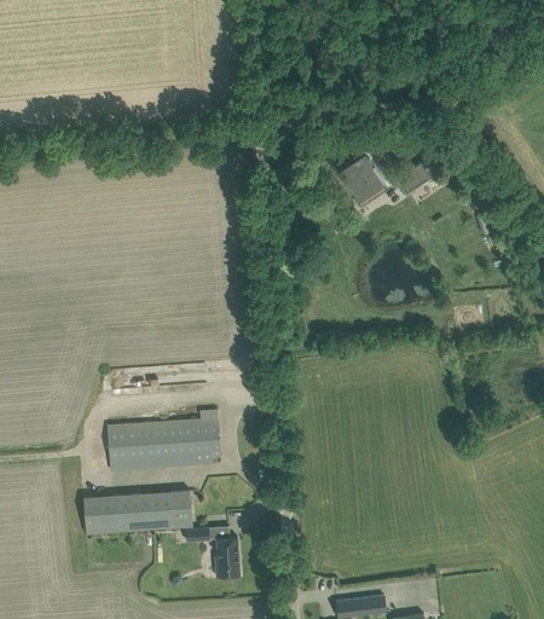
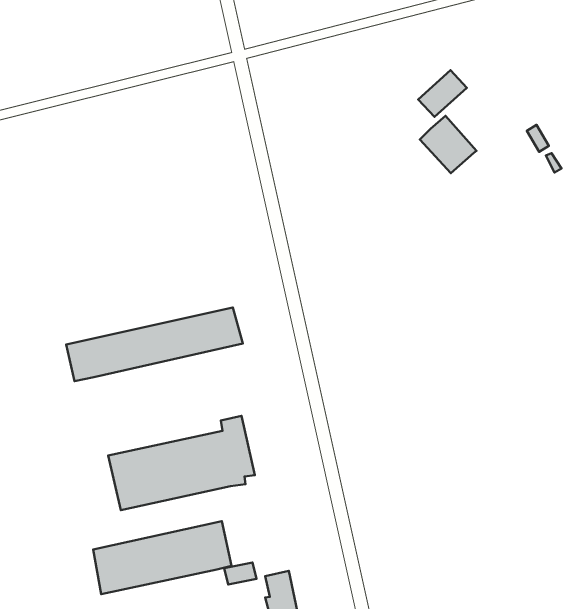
building: [341,155,384,201] -> [420,116,477,173]
building: none -> [66,307,243,381]

